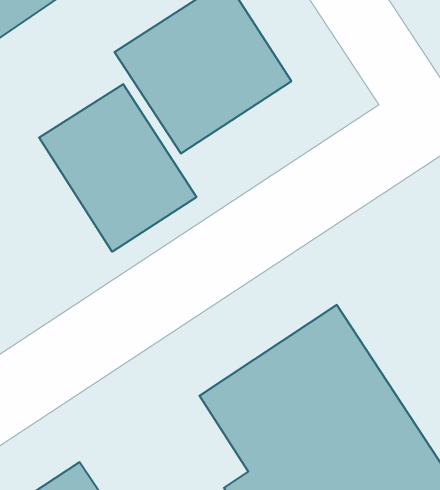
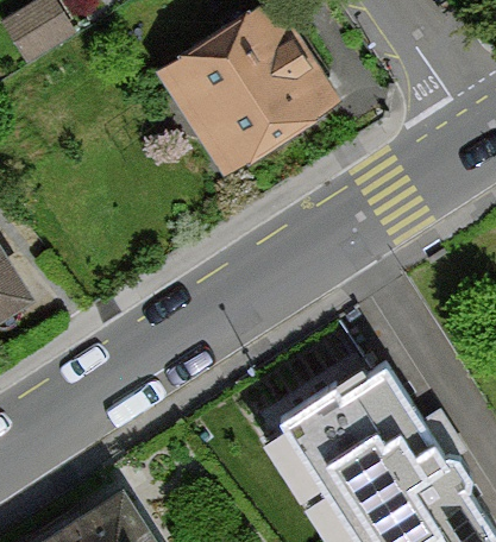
building: [39,84,196,252] -> none

